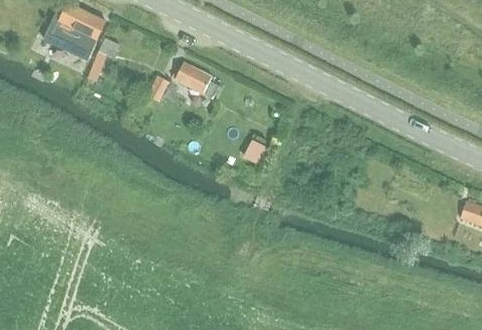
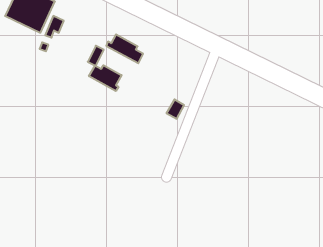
building: none -> [89,65,122,91]

